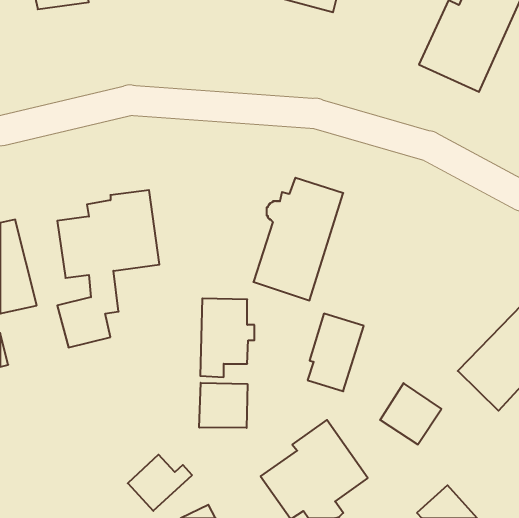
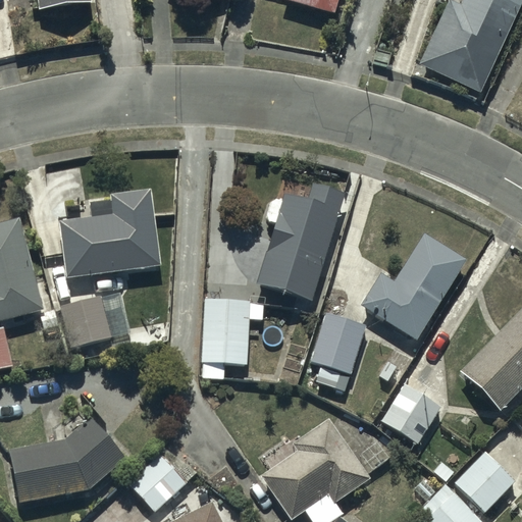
building: none -> [362,233,466,341]
building: [199,383,247,428] -> none
building: none -> [7,418,123,503]
building: none -> [456,451,516,510]

